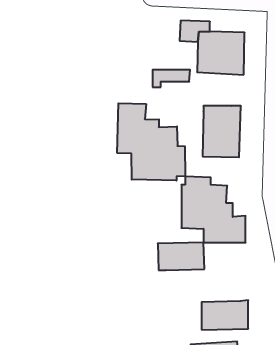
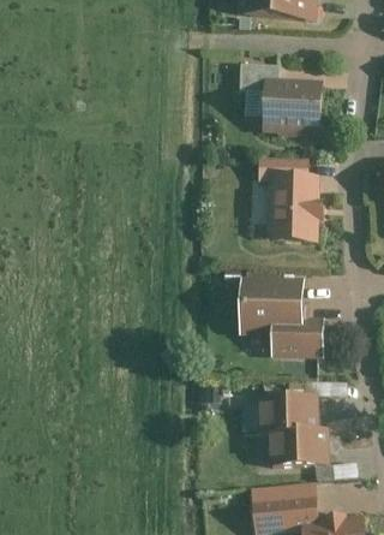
building: [153,70,190,87] -> [257,159,306,182]
building: [117,103,185,181] -> none
building: [158,243,204,270] -> [254,396,316,432]

